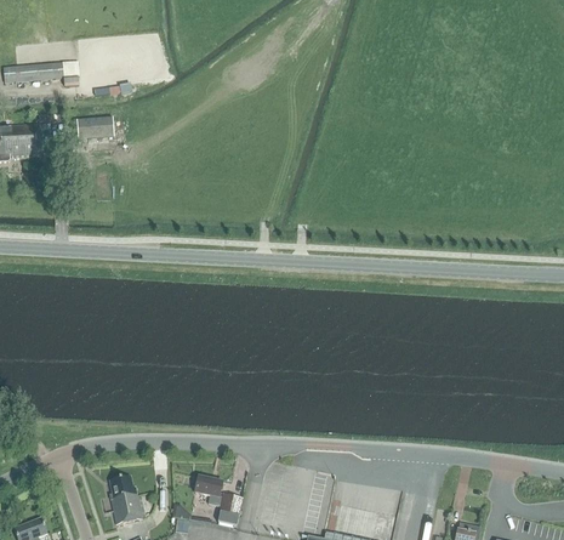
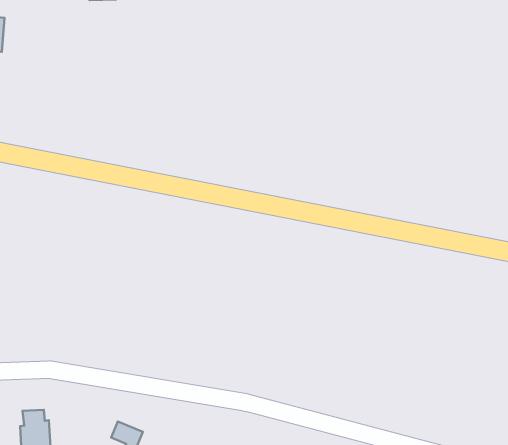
building: [75,118,114,140] -> none

